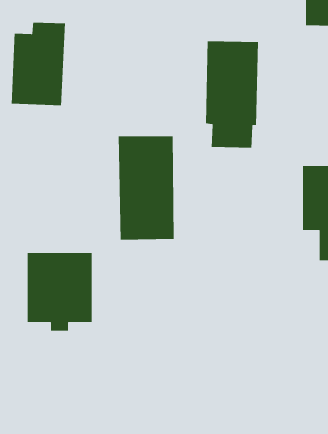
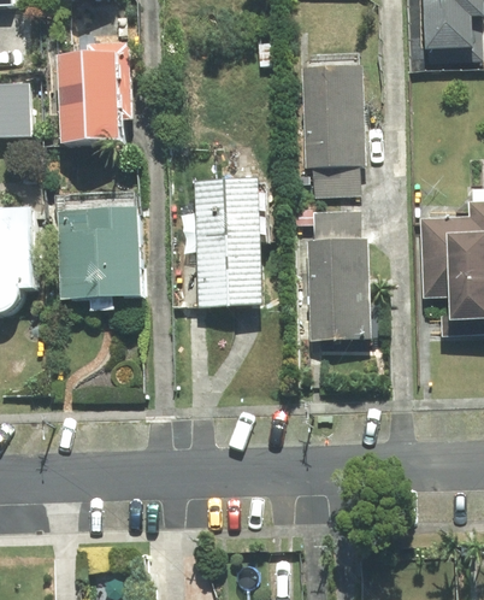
building: none -> [305,210,367,339]
building: [27,252,92,332] -> [60,210,141,307]

